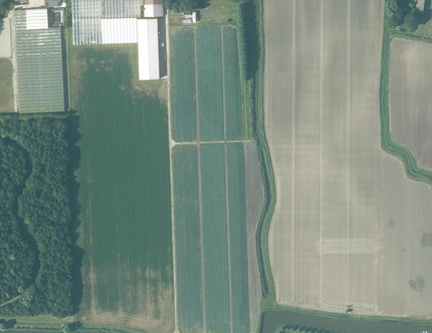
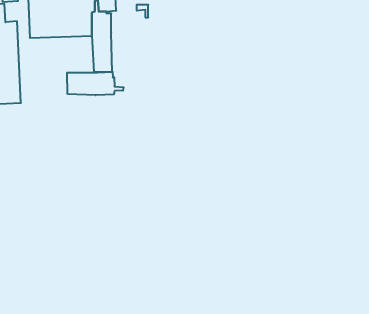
building: none -> [67,72,124,95]

